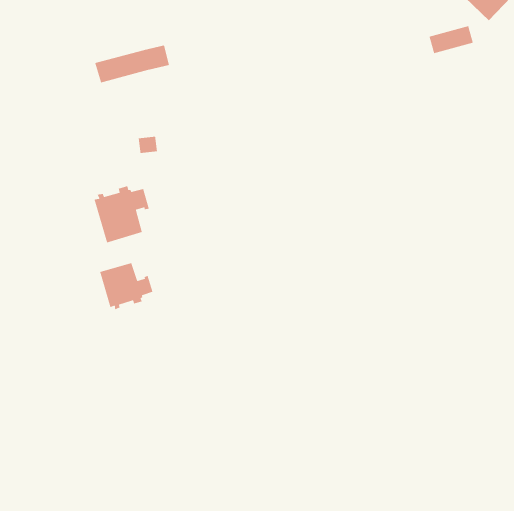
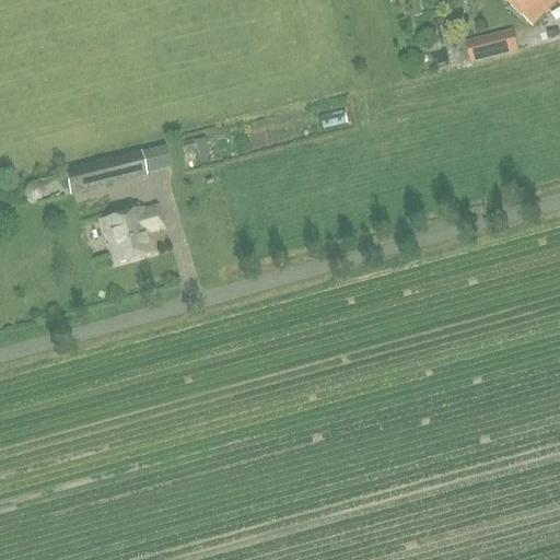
building: [94,44,170,84] -> [63,149,145,191]
building: [99,262,154,310] -> none

